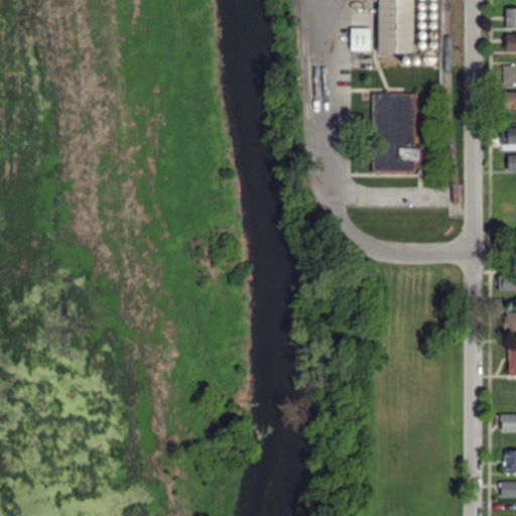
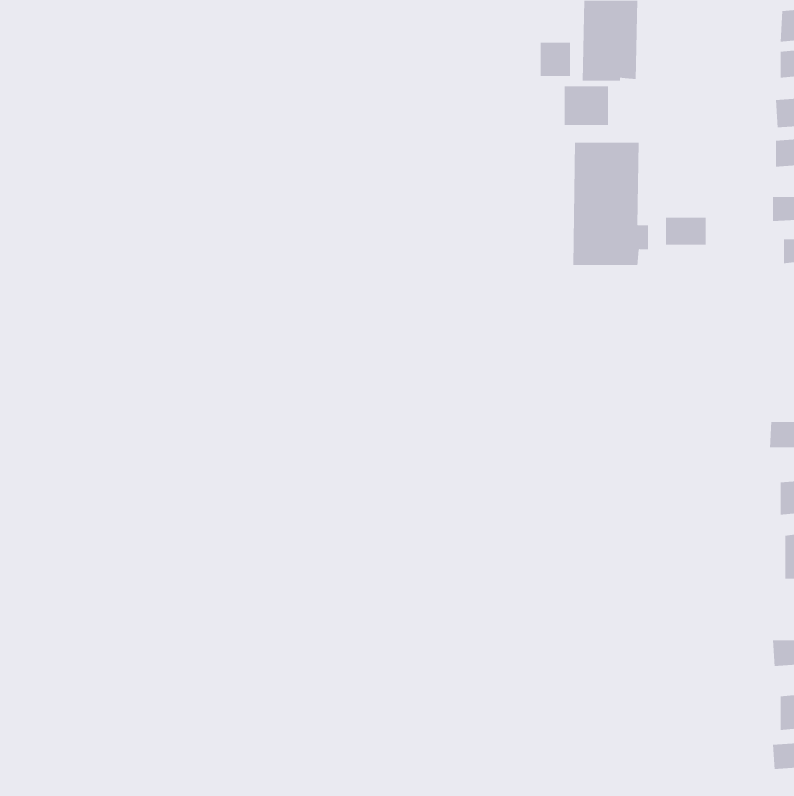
building: none -> [564,85,608,126]
building: none -> [666,217,706,246]

